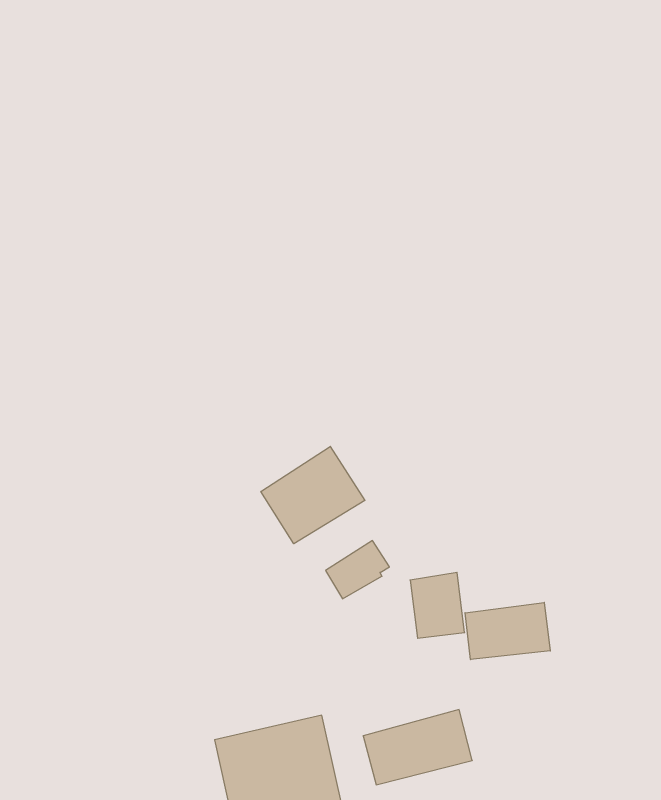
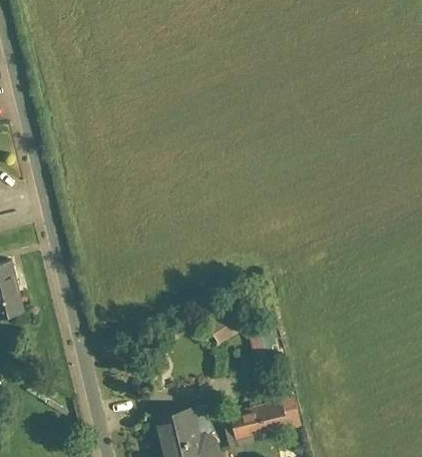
building: [261,446,365,544] -> none
building: [465,602,550,660] -> none

